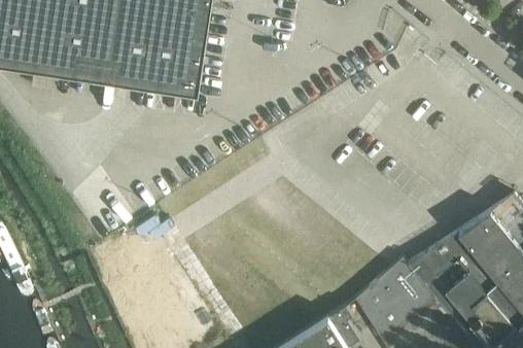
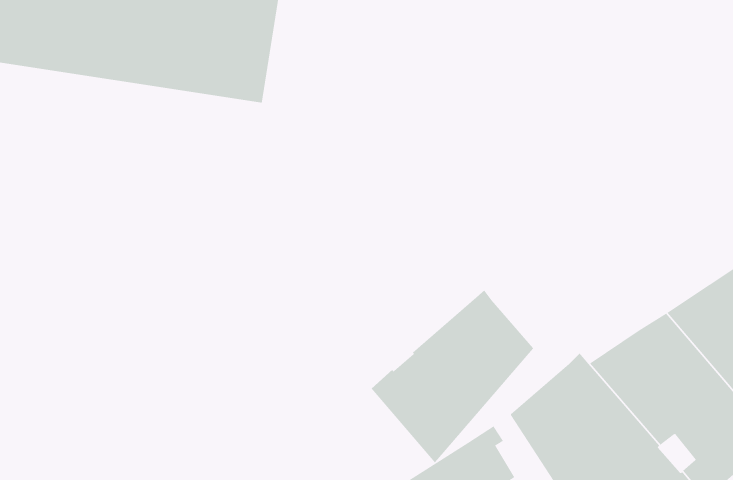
building: none -> [371,289,534,463]

